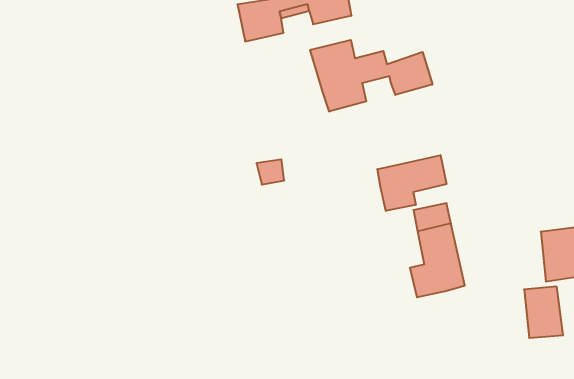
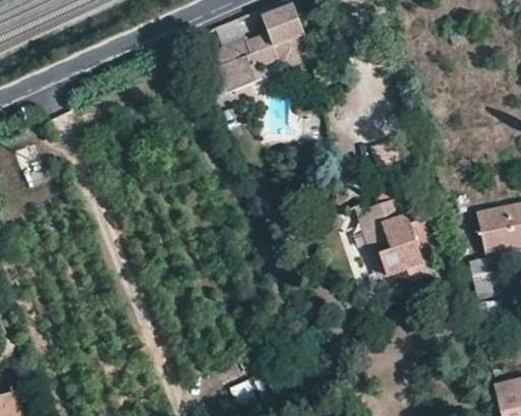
building: [310,40,432,112] -> none
building: [377,155,446,211] -> none

